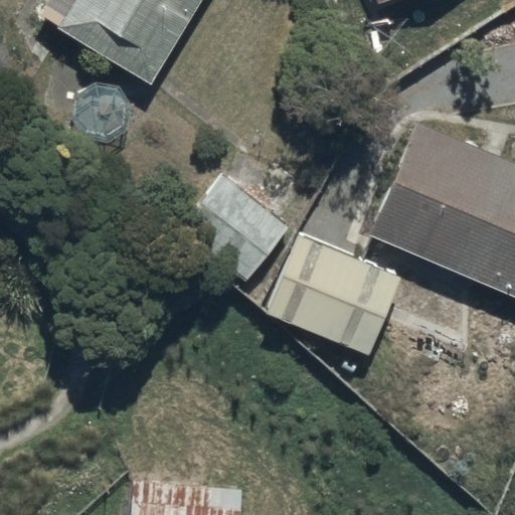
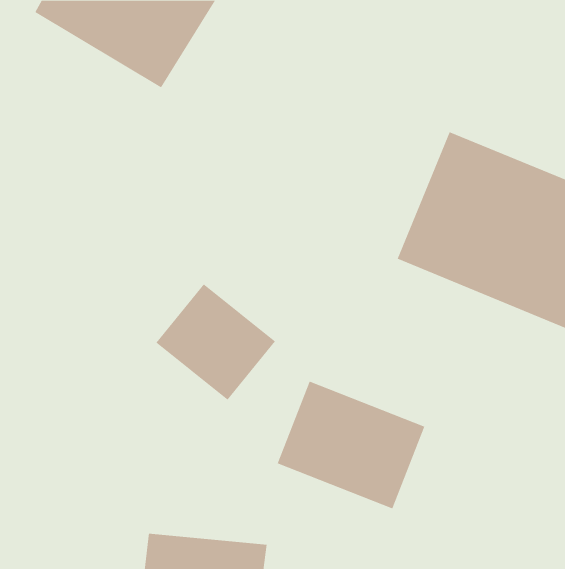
building: [181,176,290,282] -> [156,283,276,401]
building: [269,235,402,351] -> [277,381,425,509]

